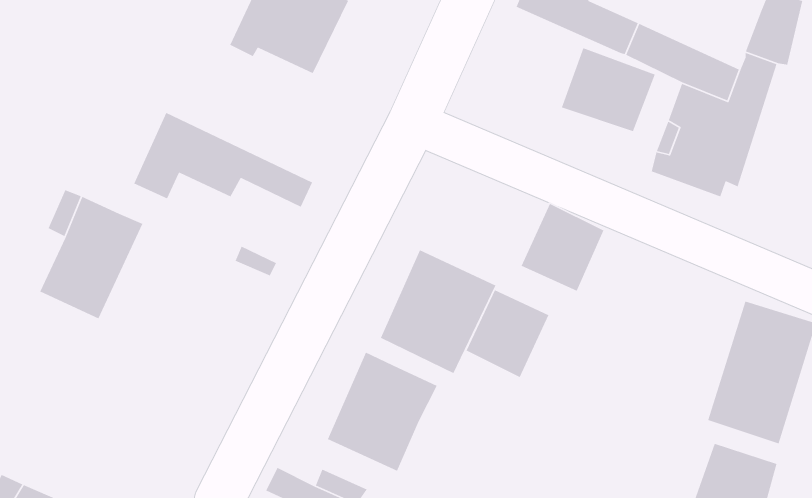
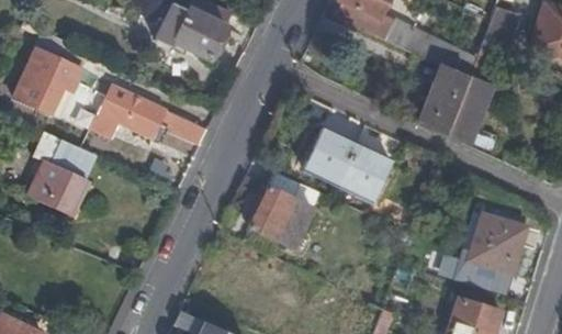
building: none -> [10,32,89,116]
building: [561,47,656,132] -> none
building: [465,289,549,378] -> [303,125,357,182]
building: [327,352,438,472] -> none

